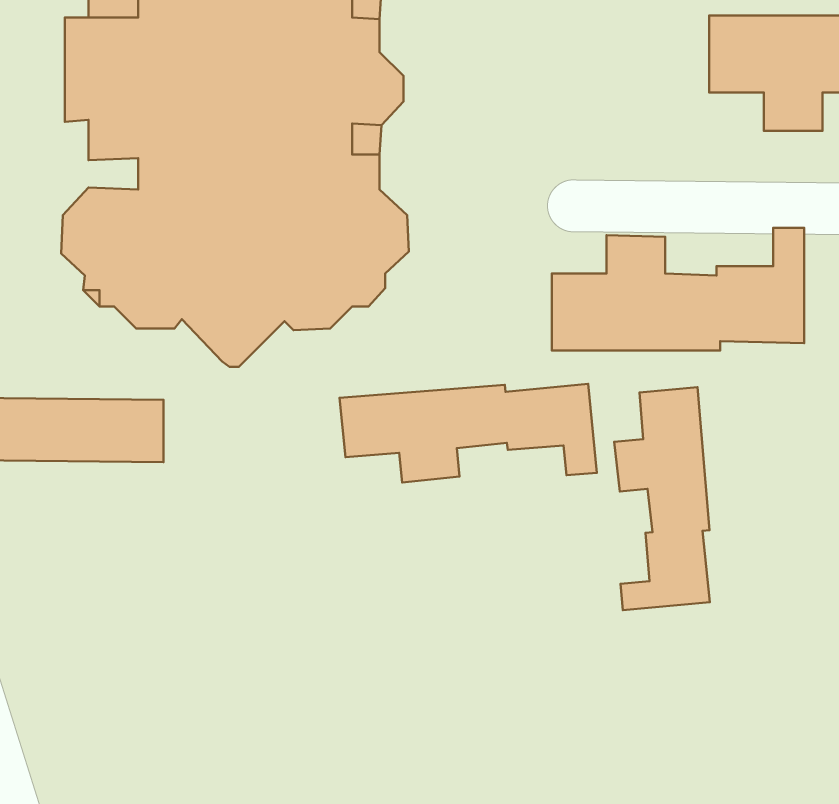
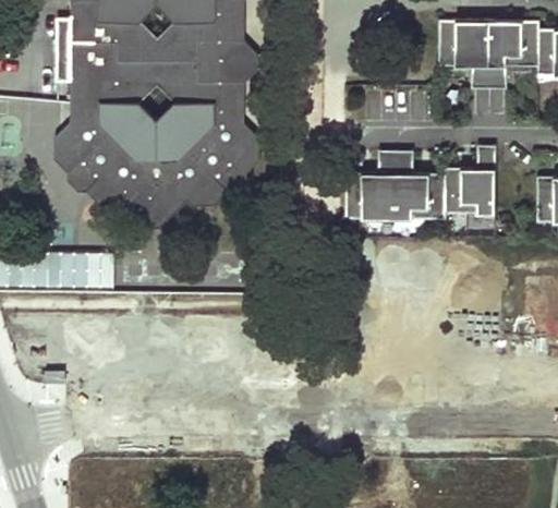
building: [339,384,597,482] -> none
building: [614,387,710,610] -> none

